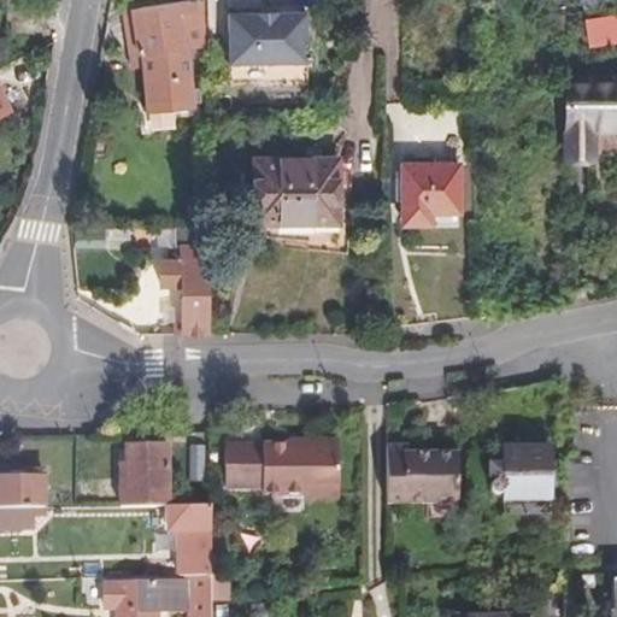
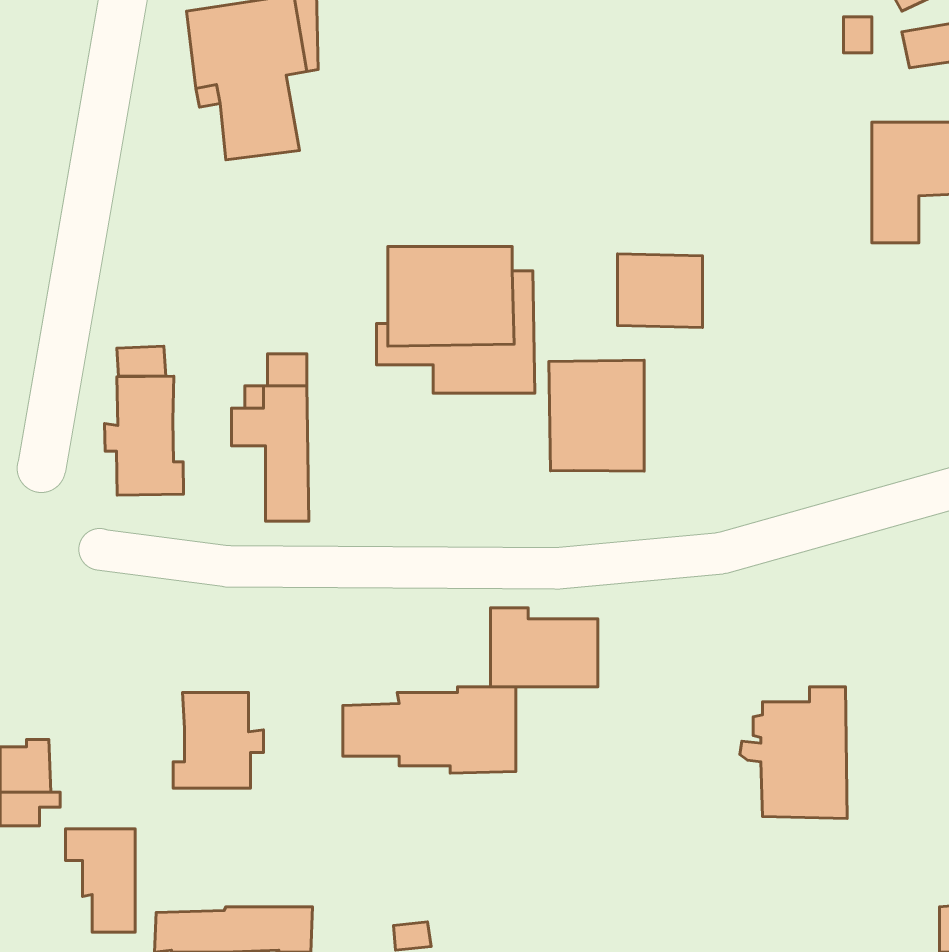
building: [224,10,306,61] -> none
building: none -> [549,360,644,471]
building: none -> [105,376,184,495]
building: [388,447,457,498] -> [491,608,598,687]
building: [164,506,208,572] -> [66,829,135,932]

